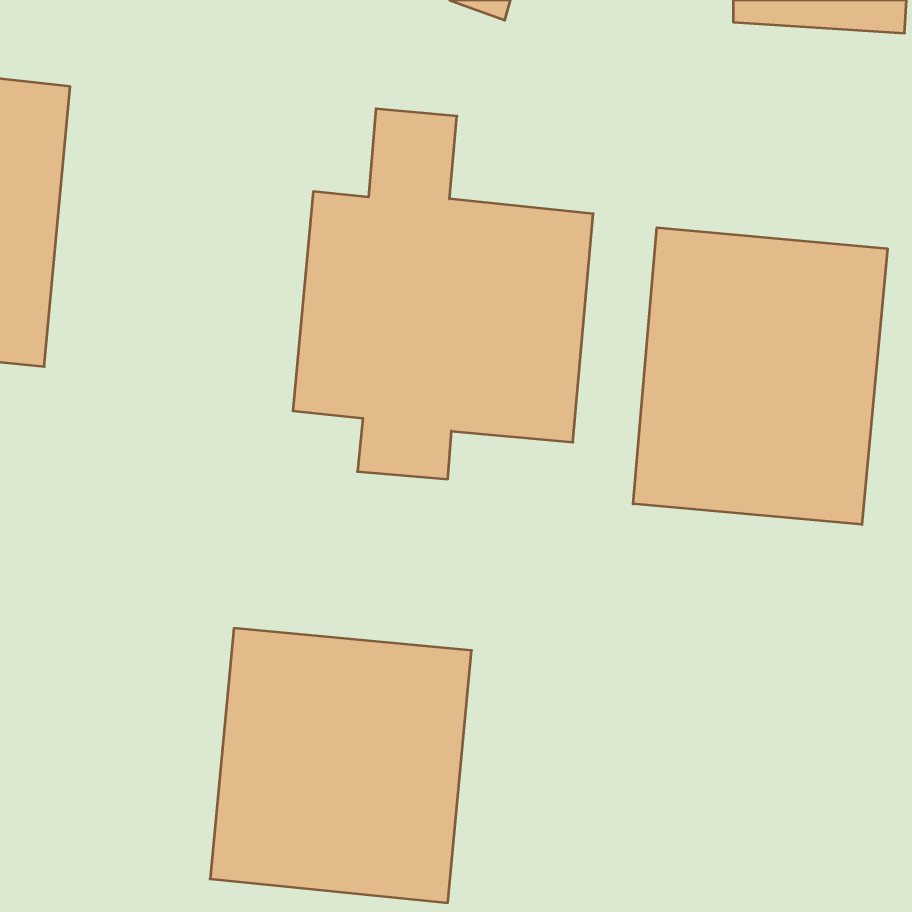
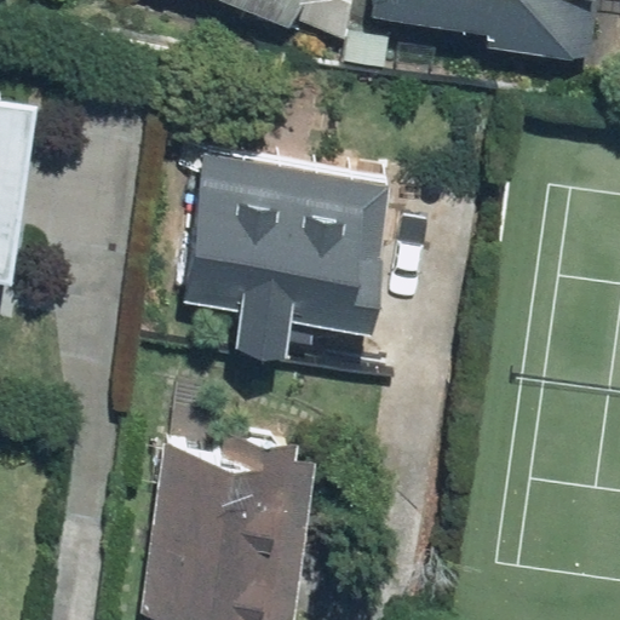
building: [633,228,887,525] -> none

